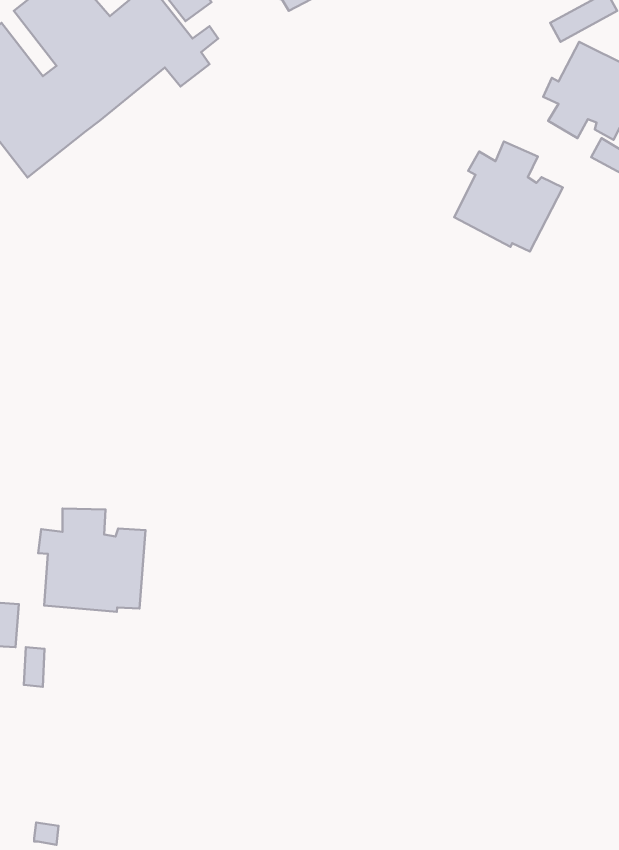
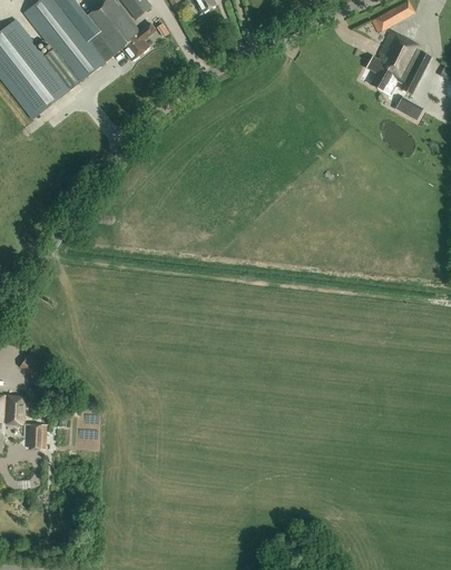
building: [454,141,563,252] -> none
building: [38,509,145,612] -> none

